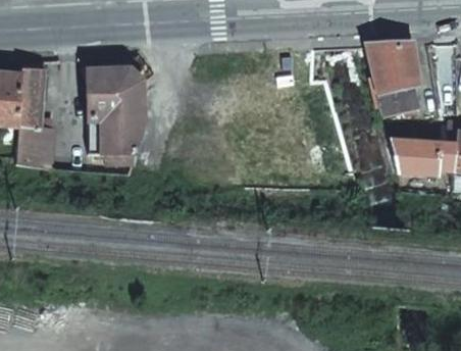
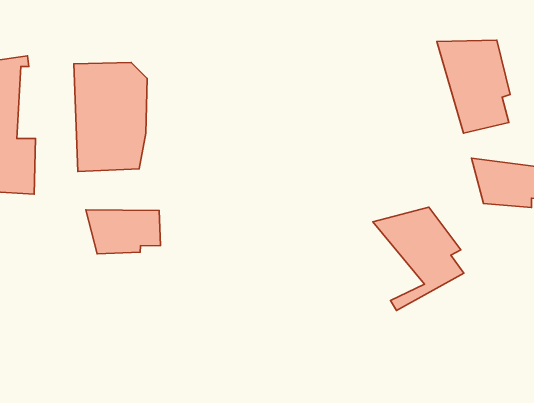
building: none -> [373,207,464,310]
building: none -> [86,210,161,254]

